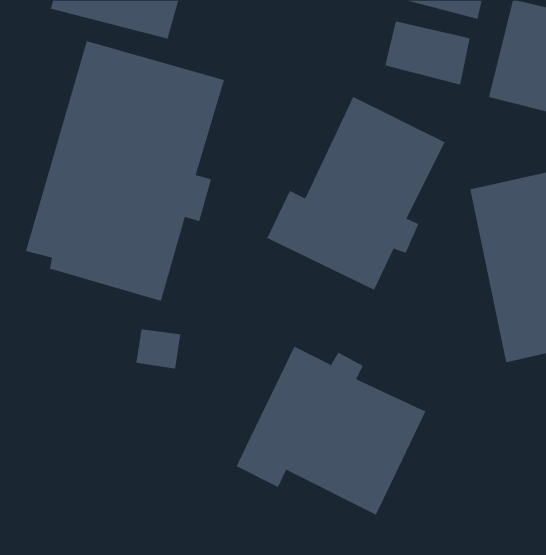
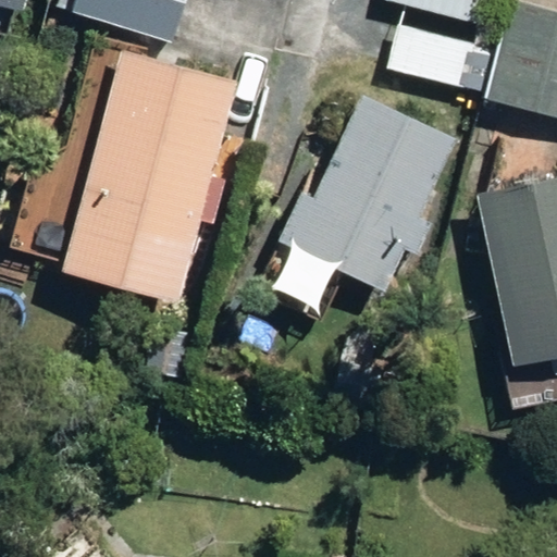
building: [236,346,426,515] -> none

